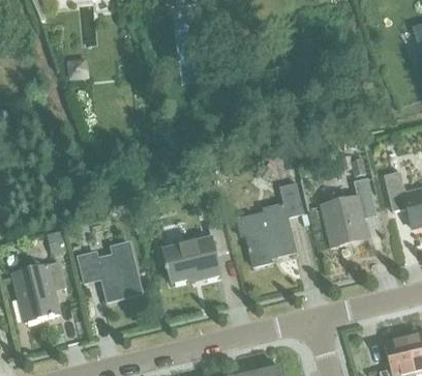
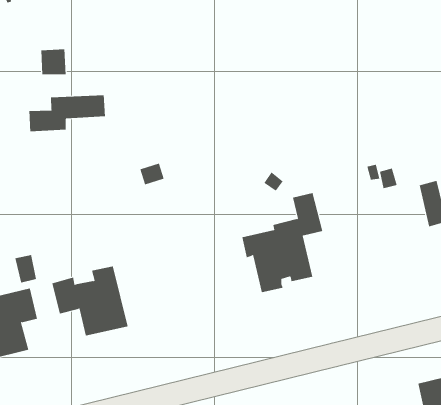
building: none -> [29,94,105,132]
building: [320,177,376,248] -> none
building: [161,223,227,282] -> none

